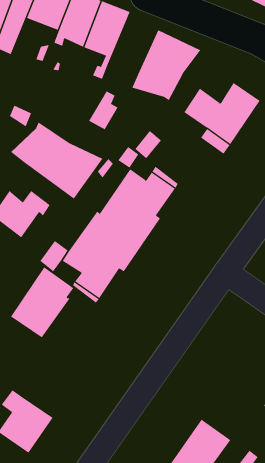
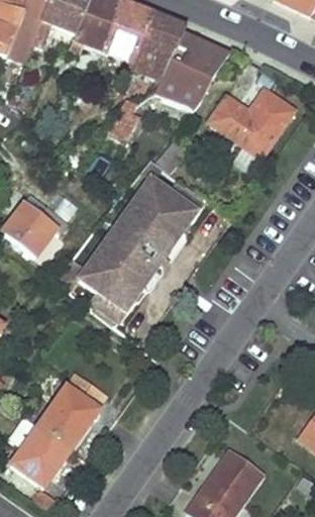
building: none -> [130,13,185,81]
building: [10,122,103,199] -> none
building: [10,267,74,338] -> [36,373,105,449]

